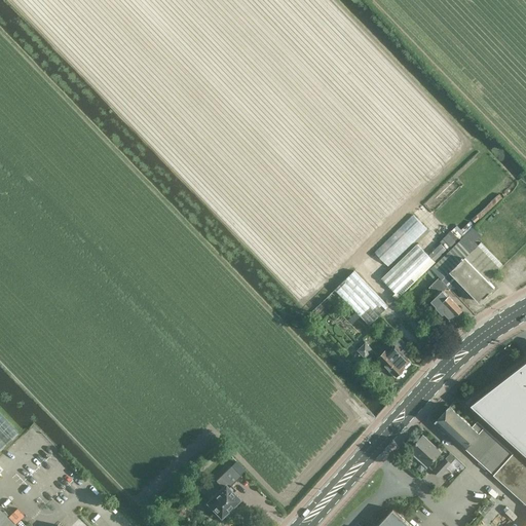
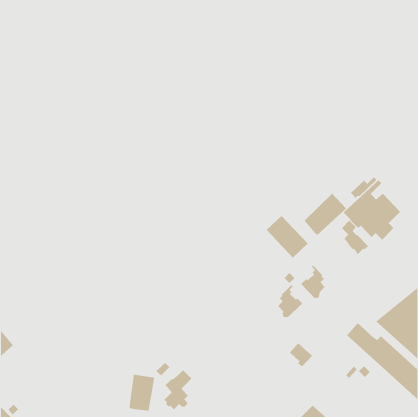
building: [375,216,427,266] -> none
building: none -> [277,284,303,319]
building: [410,437,440,467] -> [289,343,313,367]
building: none -> [129,374,155,412]

